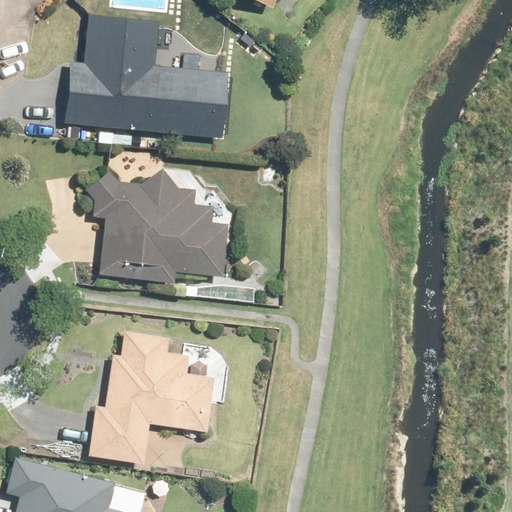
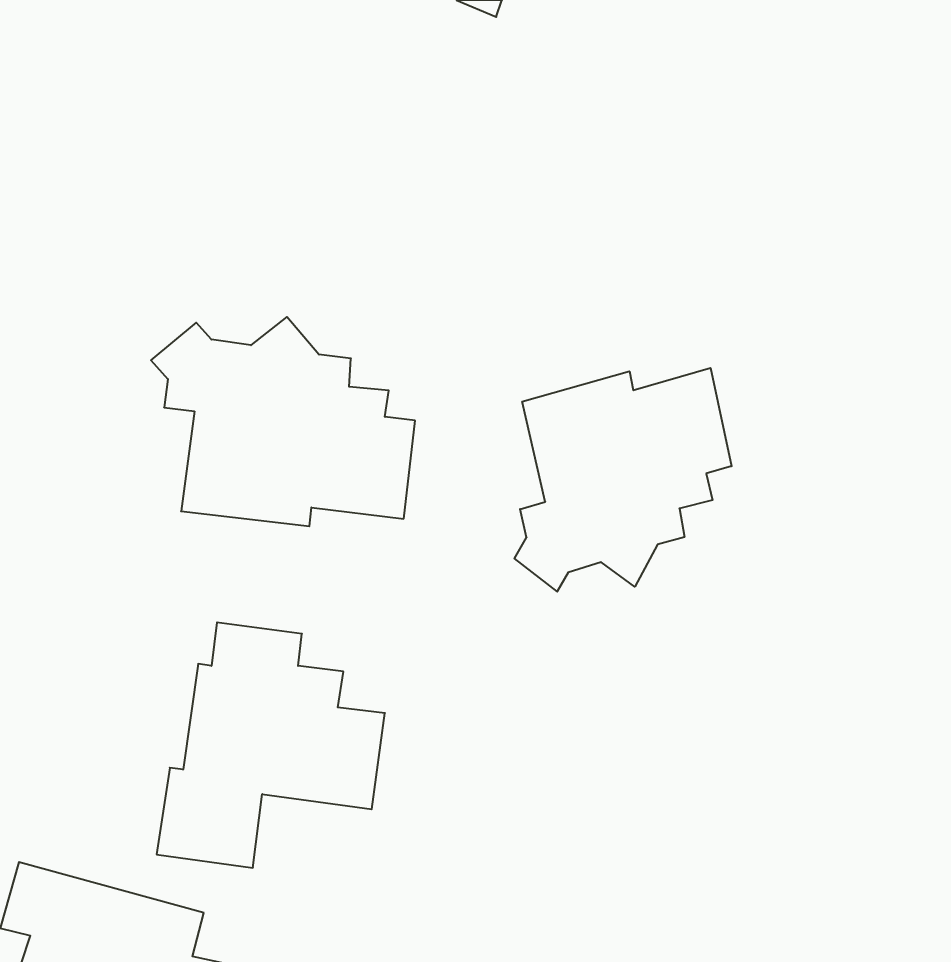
building: [63,16,232,137] -> none
building: none -> [514,368,732,592]

